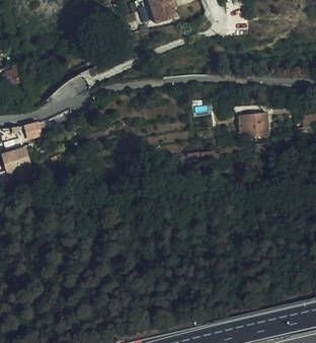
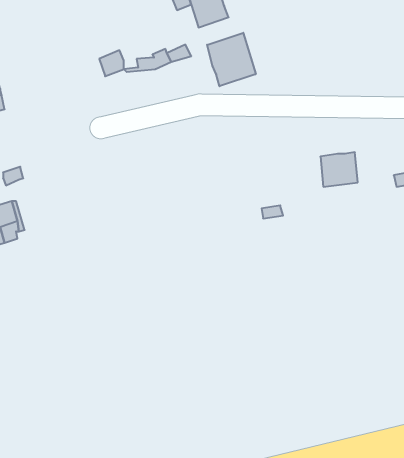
building: none -> [207,33,256,86]

